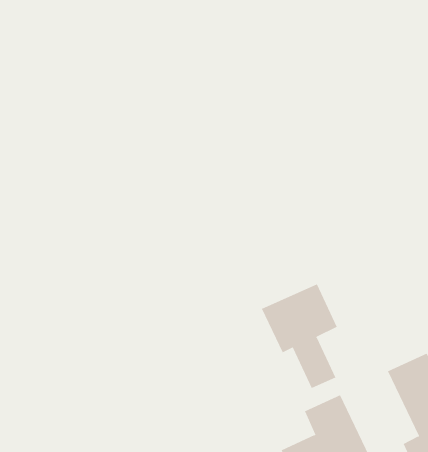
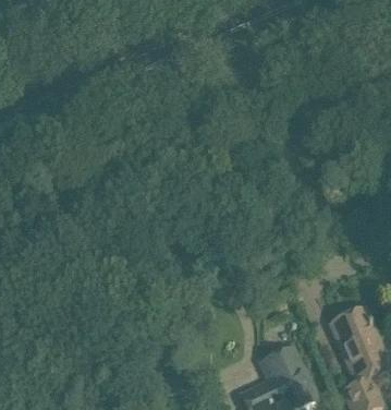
building: [261,283,338,389] -> none

